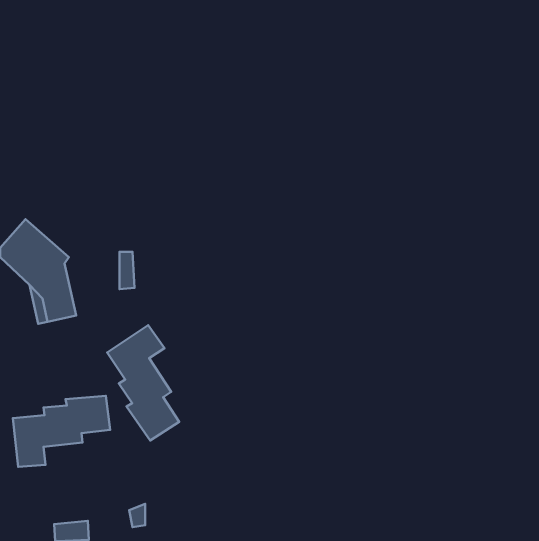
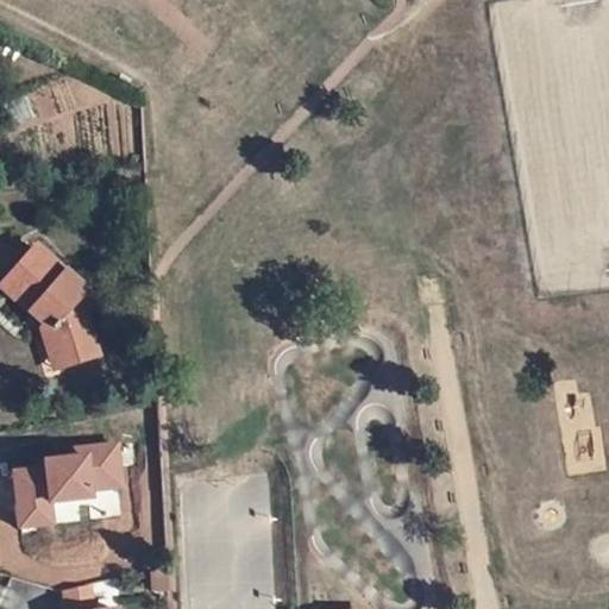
building: [107,325,179,440] -> none

